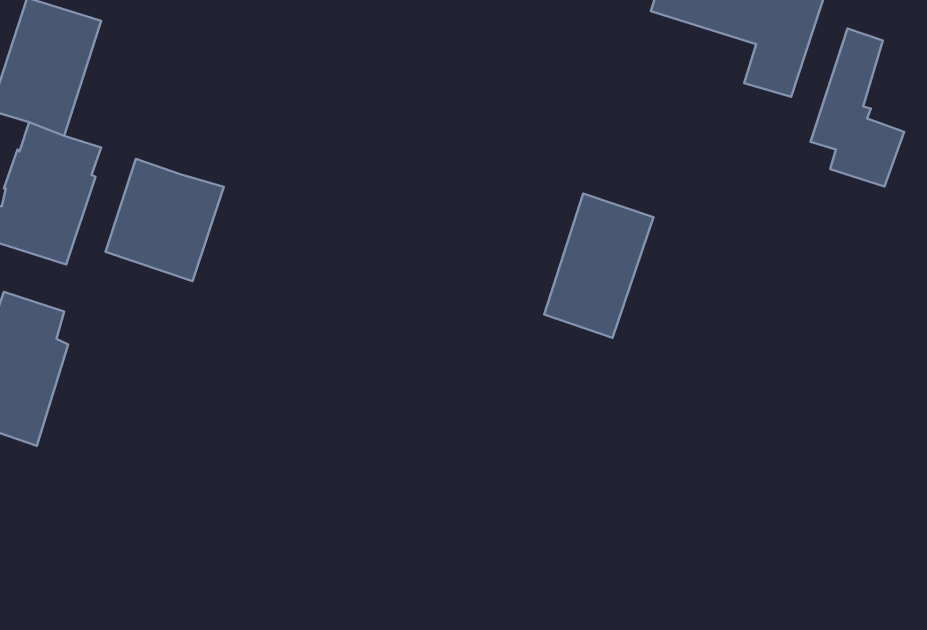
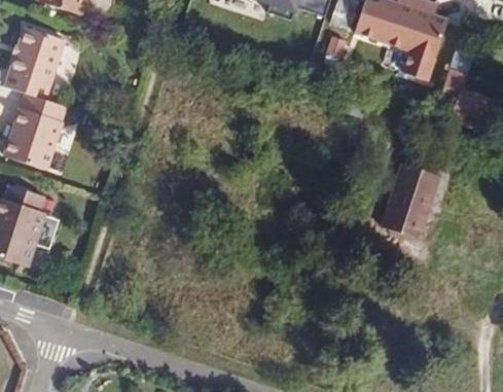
building: [106,159,224,281] -> none
building: [544,194,653,338] -> [386,159,443,236]

